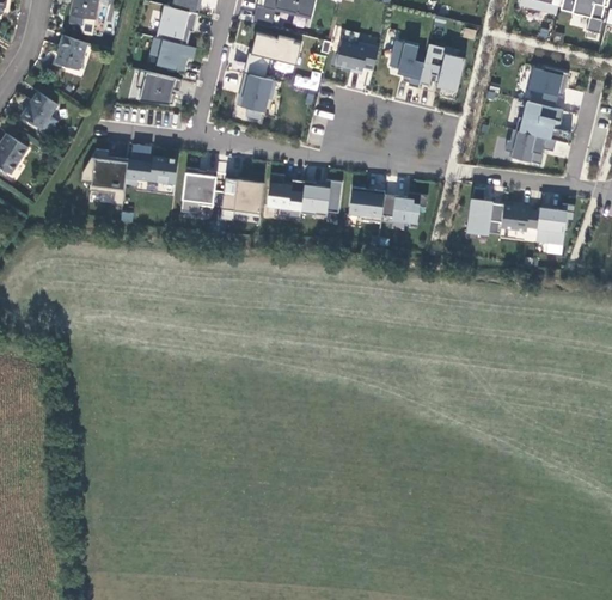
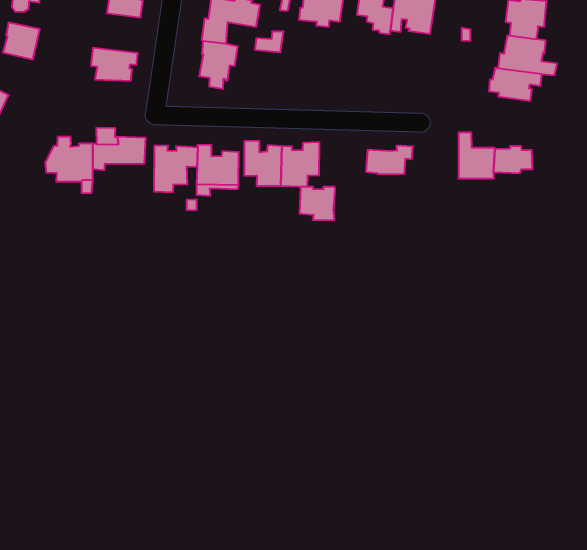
building: [151,37,196,72] -> none
building: [350,186,386,221] -> [299,187,335,220]
building: [537,202,576,243] -> none

